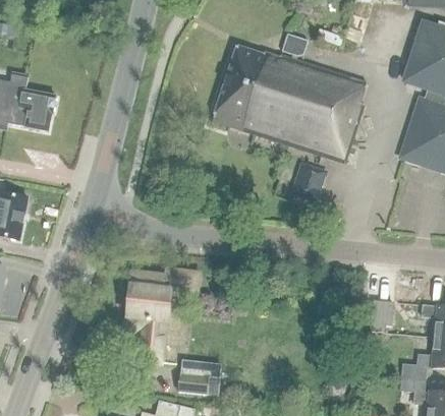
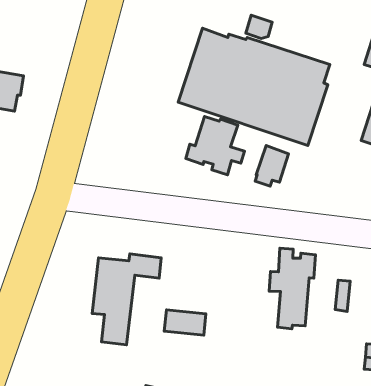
building: none -> [186,117,244,175]
building: none -> [269,248,315,329]
building: [177,368,219,394] -> [164,310,206,335]

